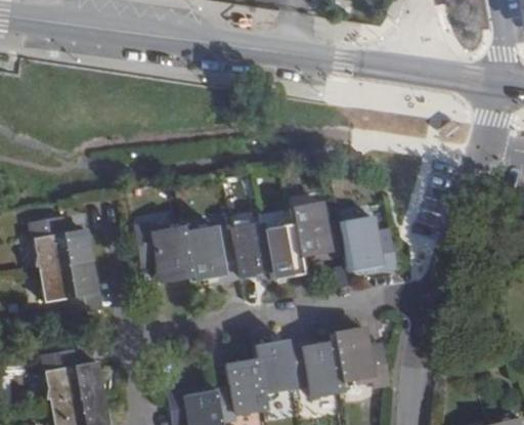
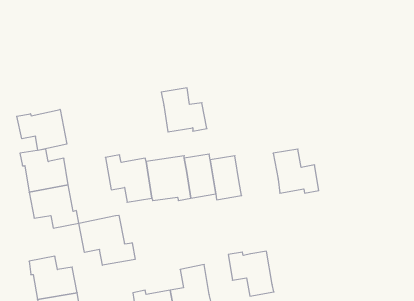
building: none -> [17,109,67,150]
building: [292,202,348,256] -> [161,88,207,132]
building: none -> [79,215,135,265]
building: [333,327,390,386] -> none
building: [255,339,294,394] -> none

